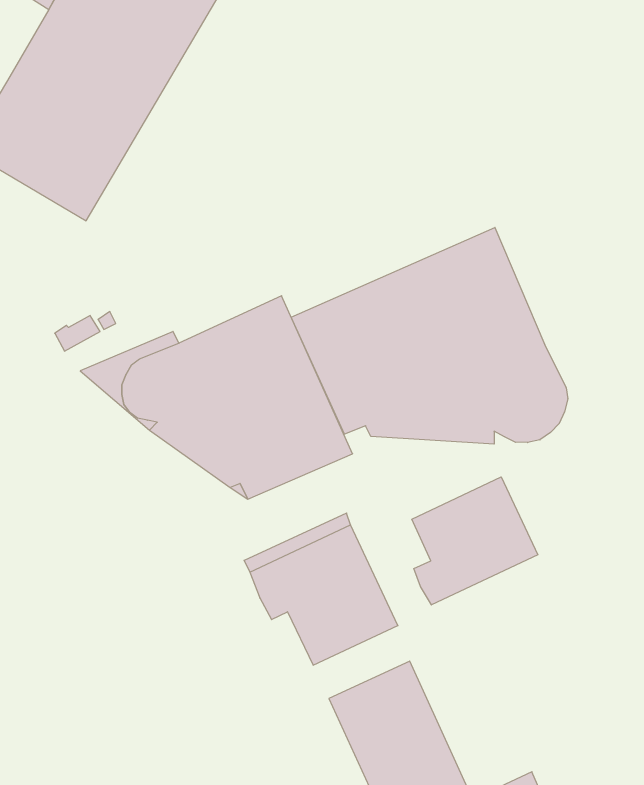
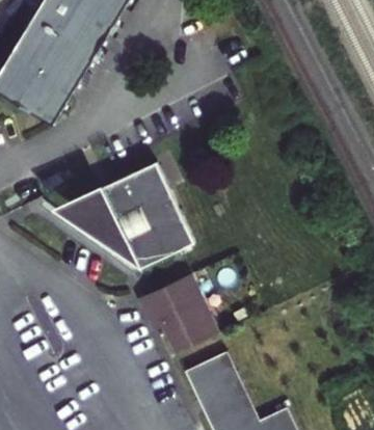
building: [291,227,568,444] -> none
building: [412,477,538,605] -> none

